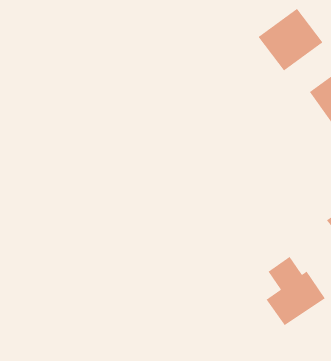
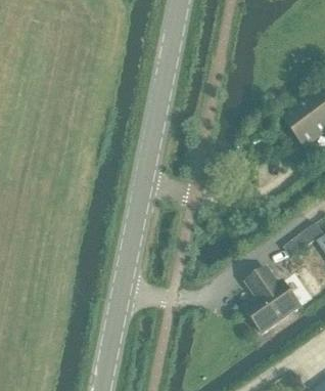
building: [258,8,324,72] -> none

